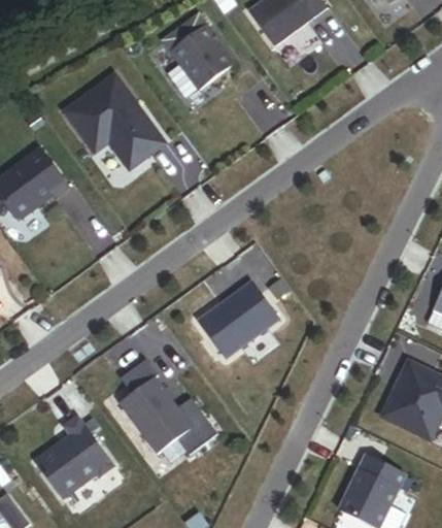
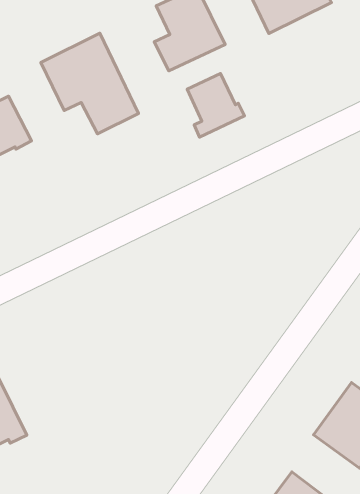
building: none -> [187,73,245,137]
building: [198,280,279,357] -> none
building: [121,360,217,455] -> none

